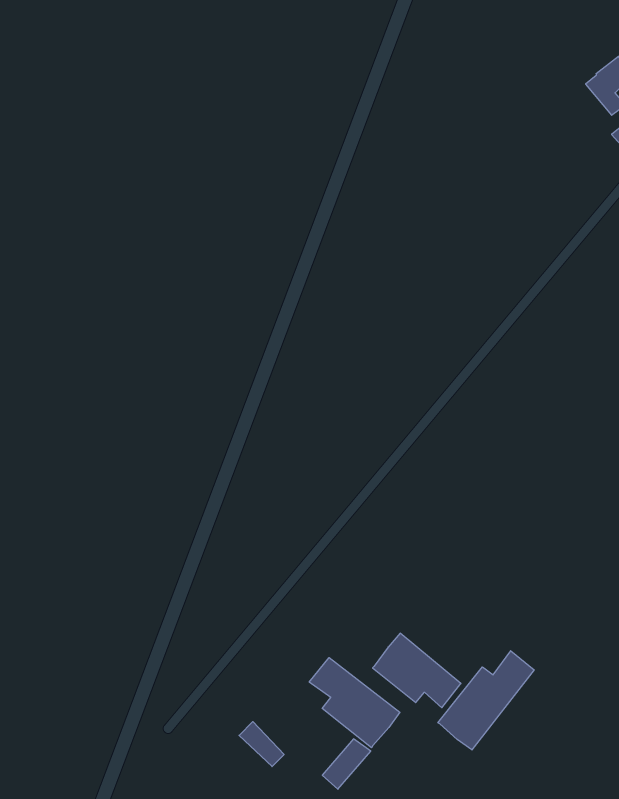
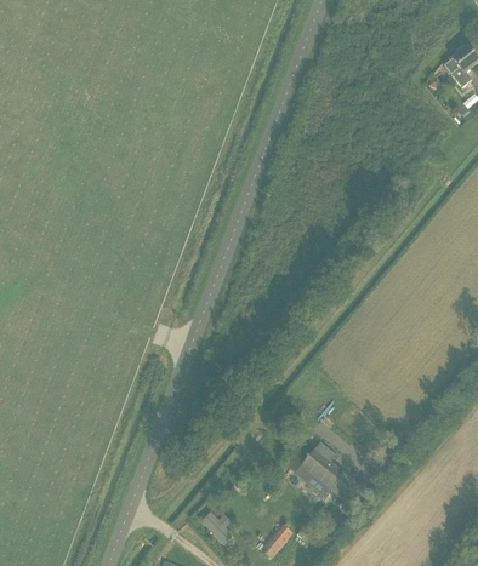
building: [438,651,534,750] -> none
building: [309,658,400,748] -> none

